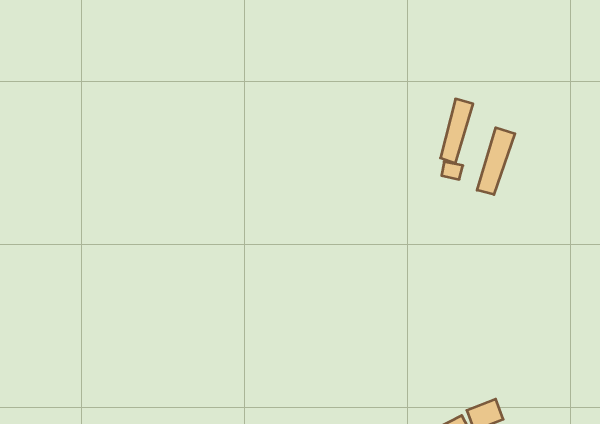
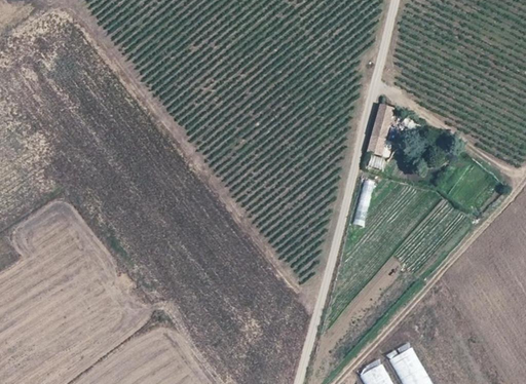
building: [477,128,515,195] -> none

